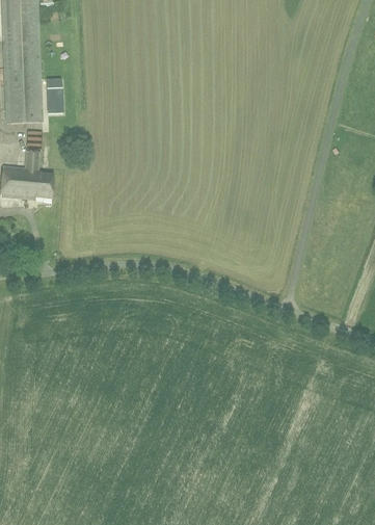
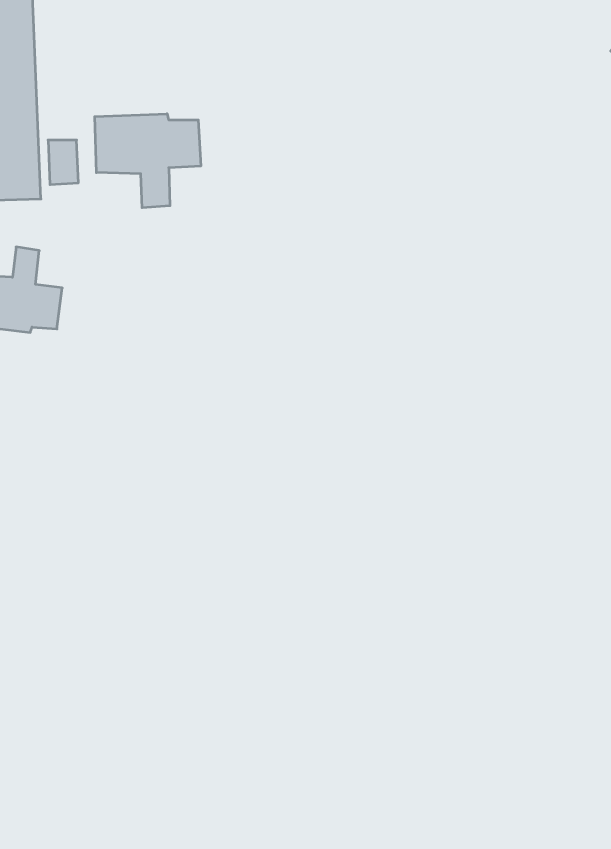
building: none -> [95,114,201,208]

